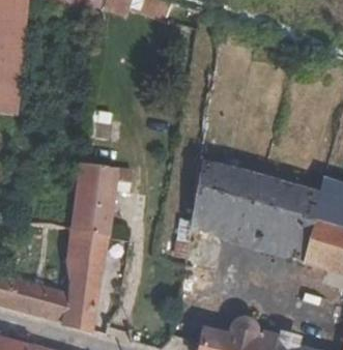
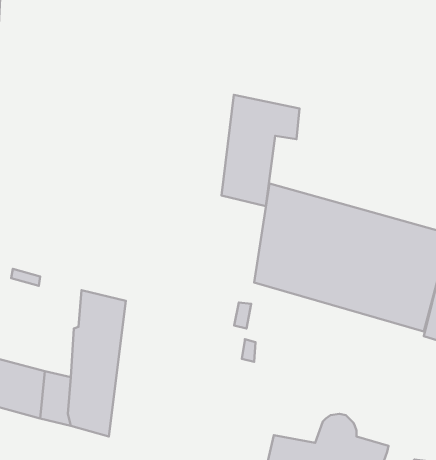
building: [74,165,126,240] -> [222,95,300,206]

